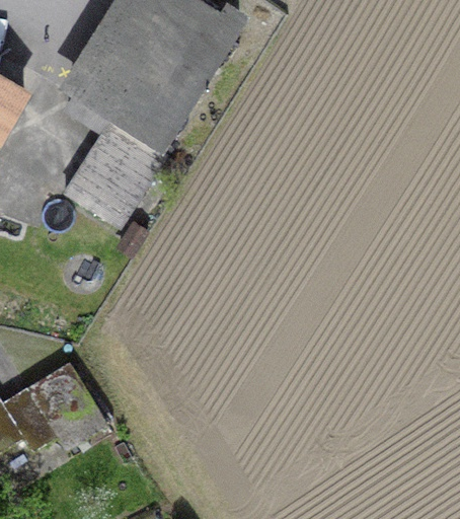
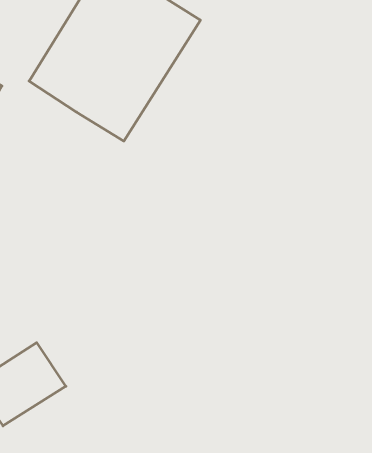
building: [62,121,172,236] -> none

